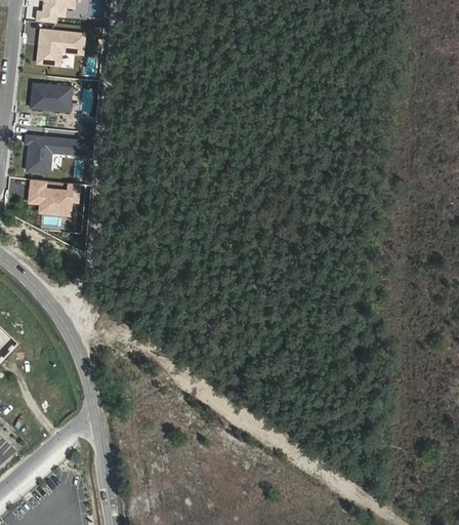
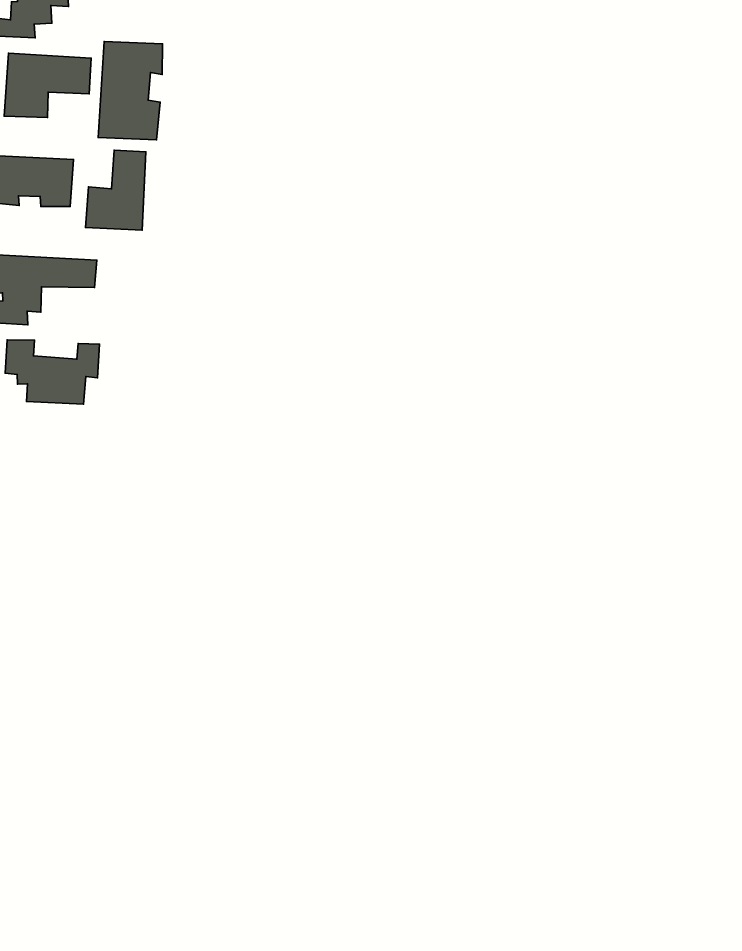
building: none -> [98,42,162,140]
building: none -> [86,150,146,230]

